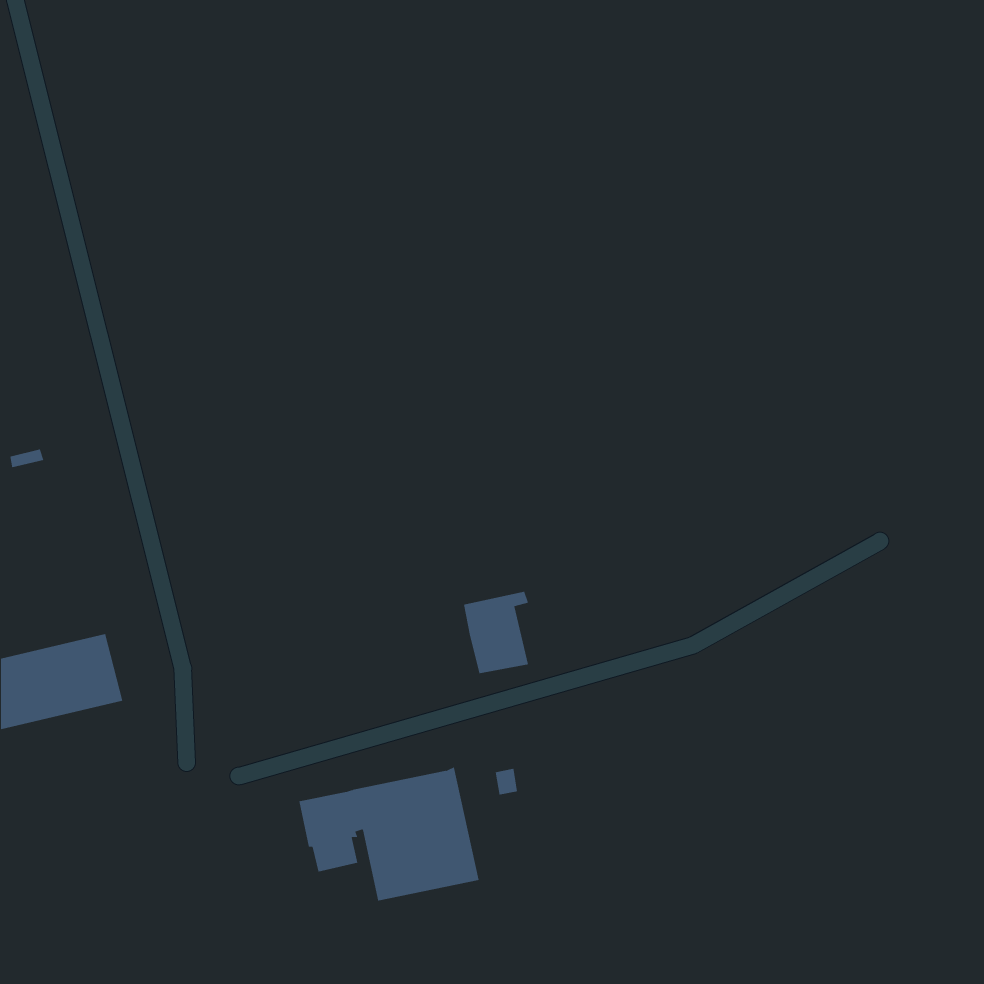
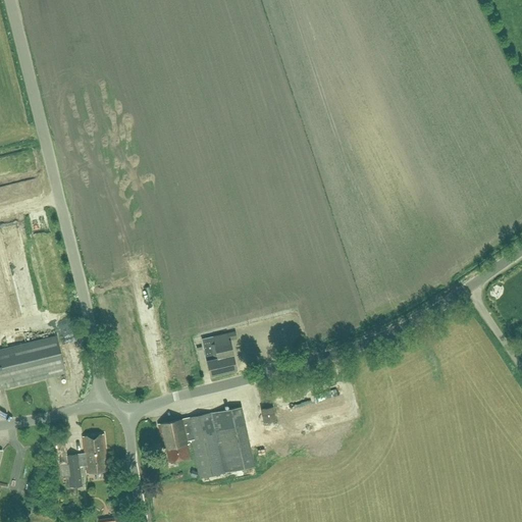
building: [463,591,529,674] -> [202,331,237,375]
building: none -> [56,433,107,487]

